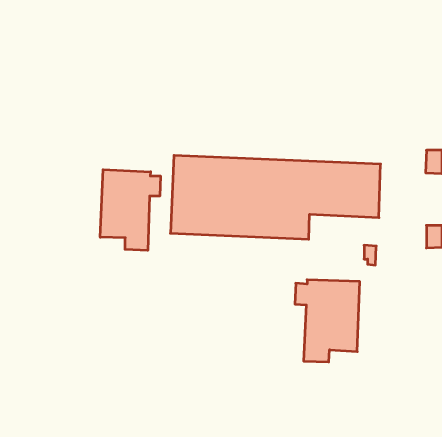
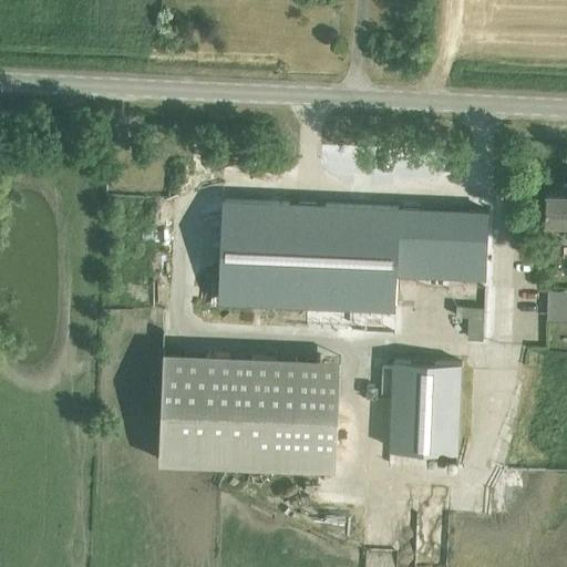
building: [100,170,160,250] -> none
building: none -> [158,354,340,473]

